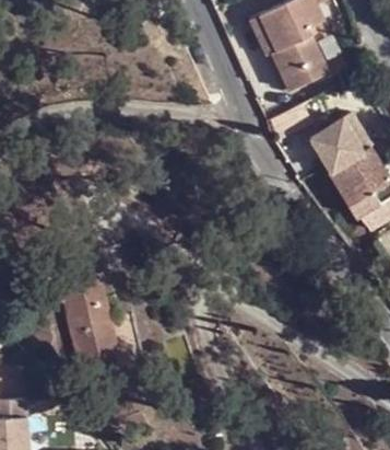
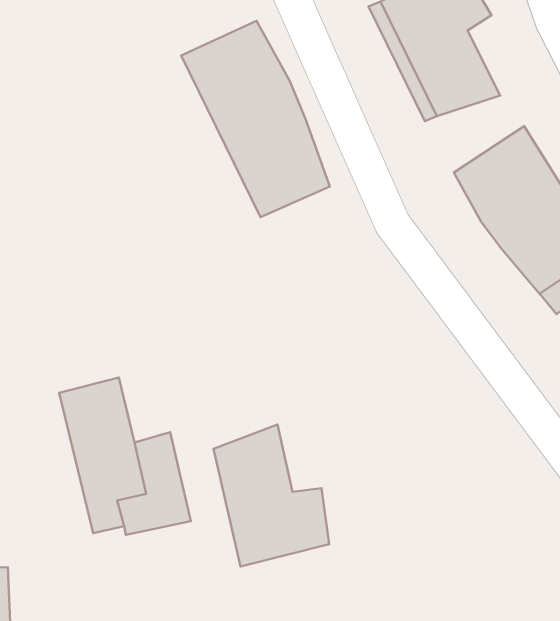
building: none -> [181,21,330,217]
building: none -> [213,425,329,566]

